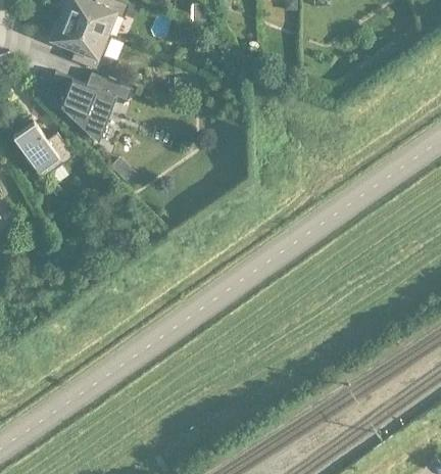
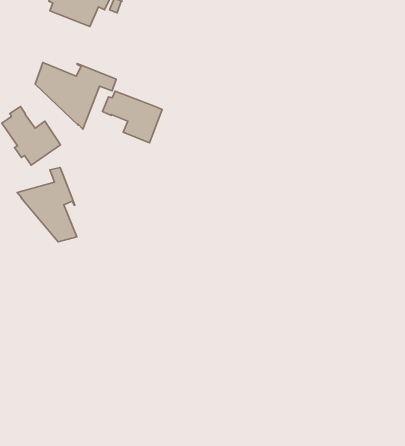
building: [48,16,110,70] -> [103,91,162,143]
building: none -> [17,167,77,242]

